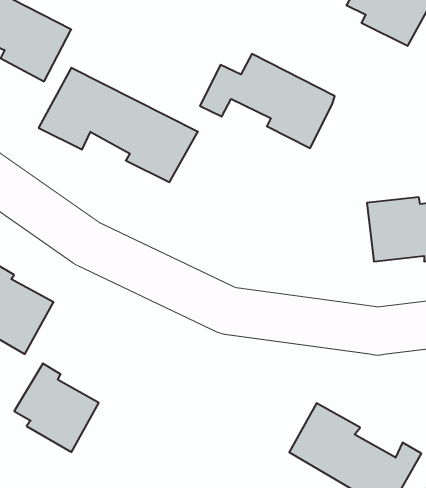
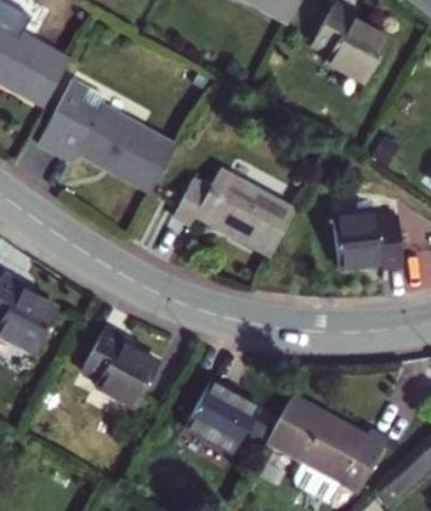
building: [200,54,335,148] -> [182,176,302,260]
building: [14,363,99,452] -> [79,324,154,403]
building: none -> [182,376,257,453]

